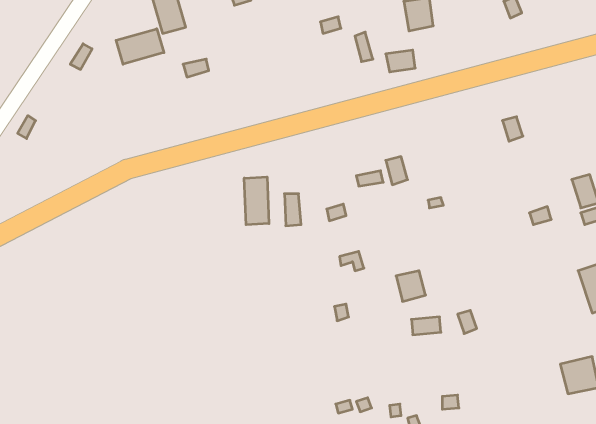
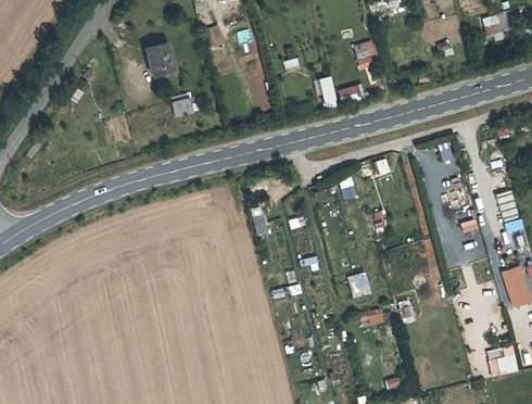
building: [116,29,164,64] -> none
building: [244,177,269,225] -> none

